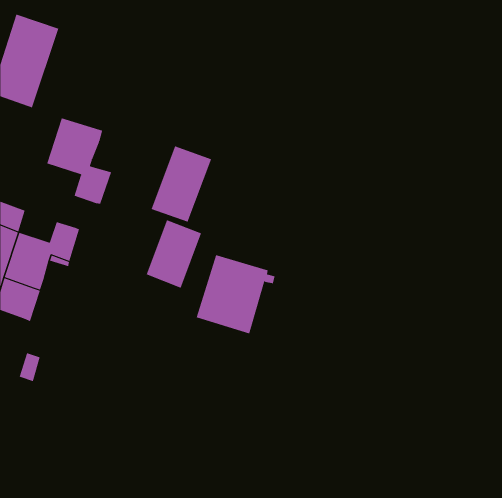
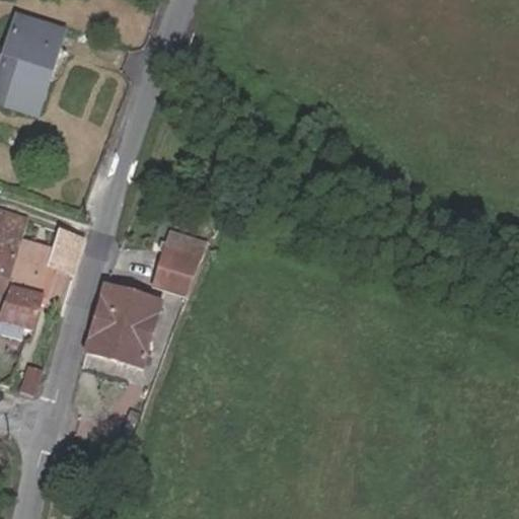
building: [46,118,112,205] -> none
building: [151,146,212,223] -> none
building: [196,254,276,334] -> [84,285,166,367]

